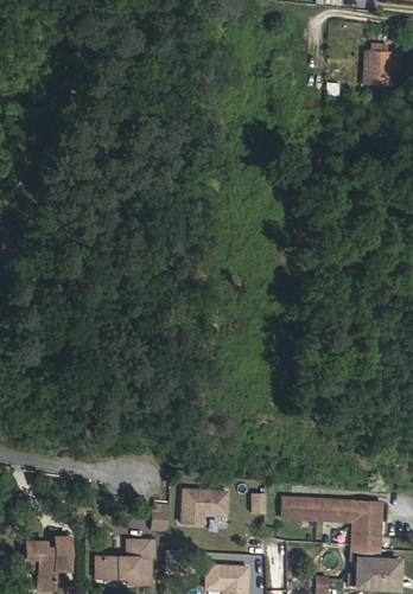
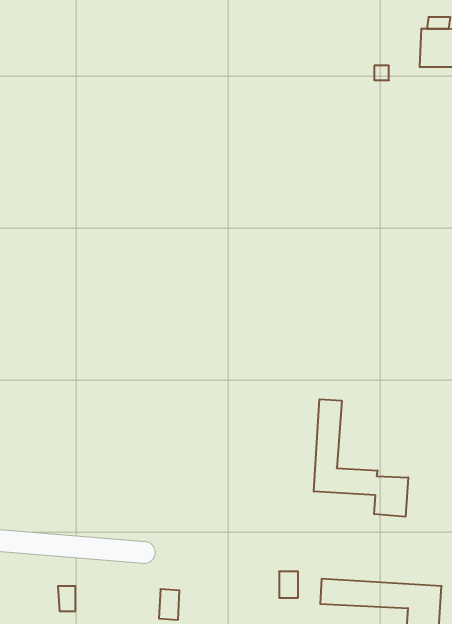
building: none -> [314,399,408,517]
building: [183,487,229,522] -> none

